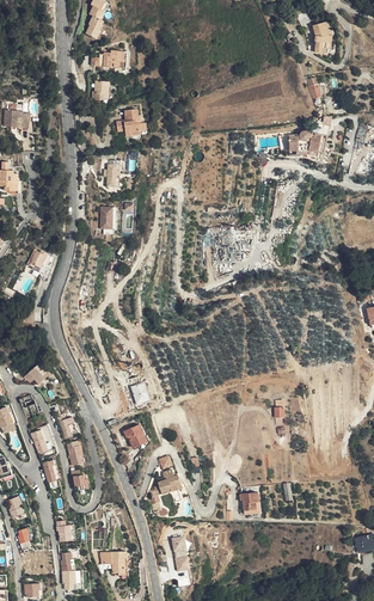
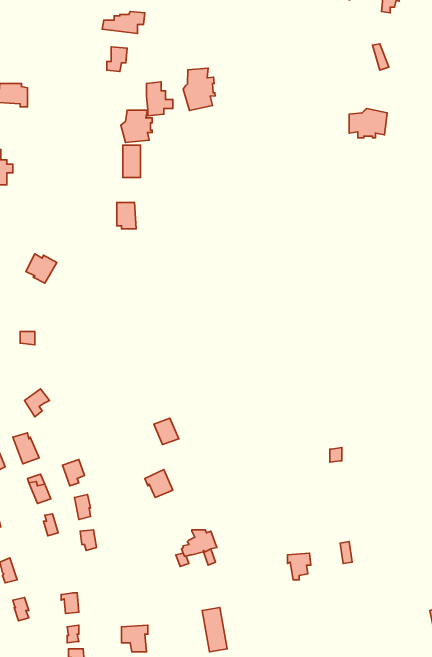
building: none -> [183,68,215,110]
building: none -> [121,110,152,143]

